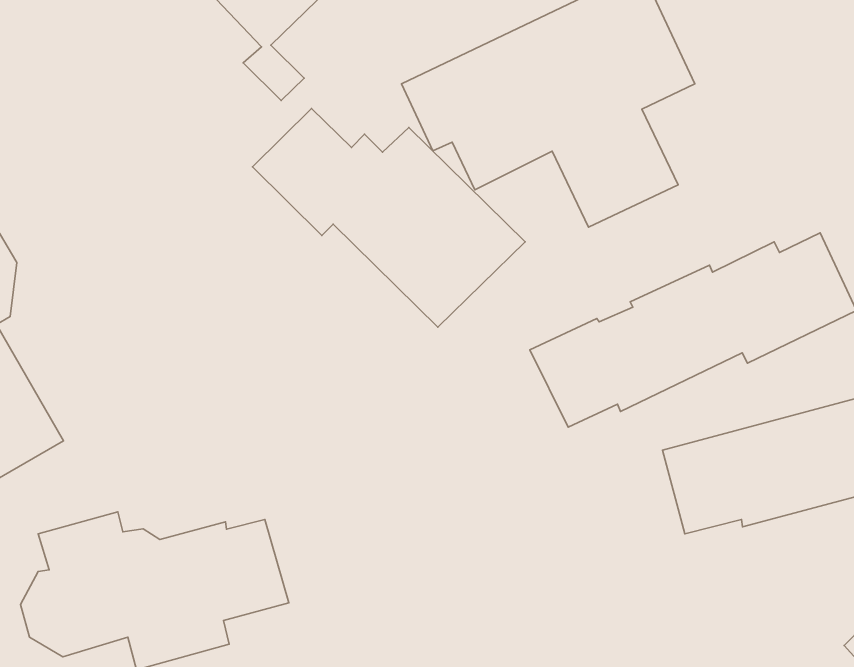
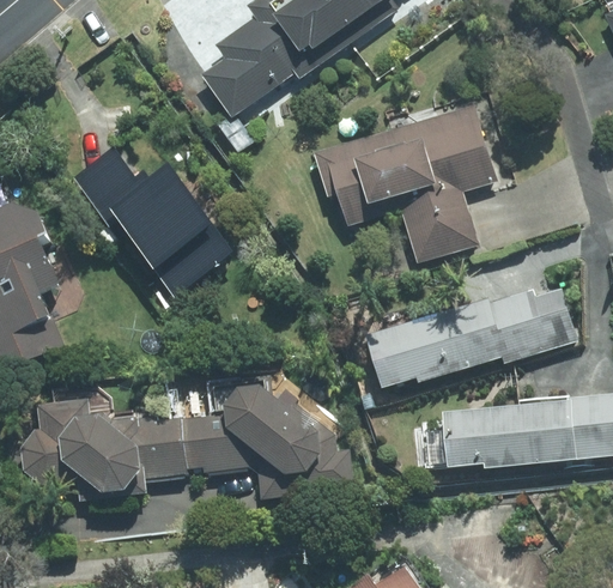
building: [252,108,525,327] -> [71,145,236,296]
building: none -> [182,374,357,497]

